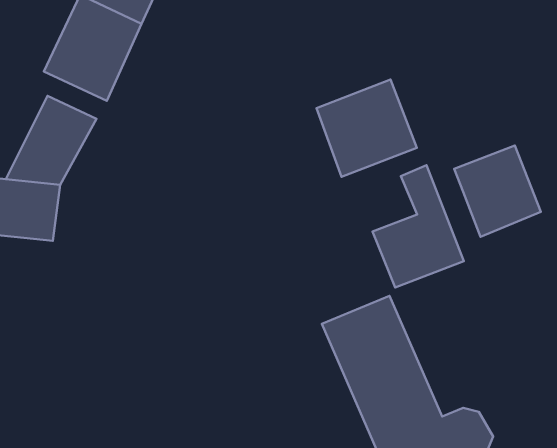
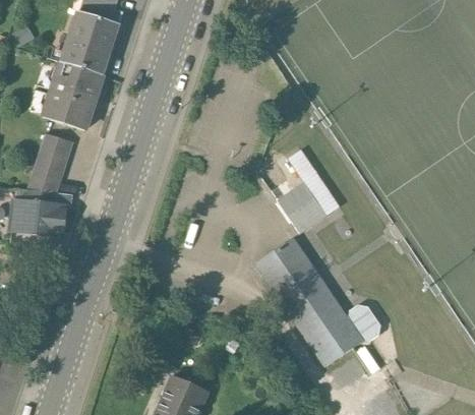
building: [317,79,417,177] -> none
building: [454,145,541,237] -> none

